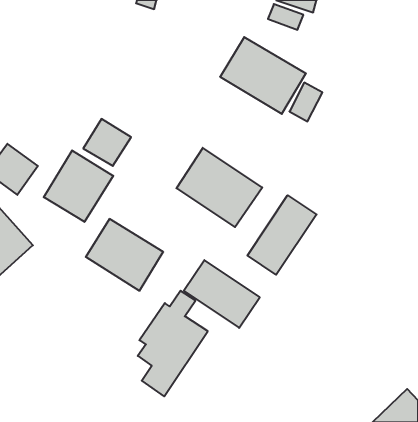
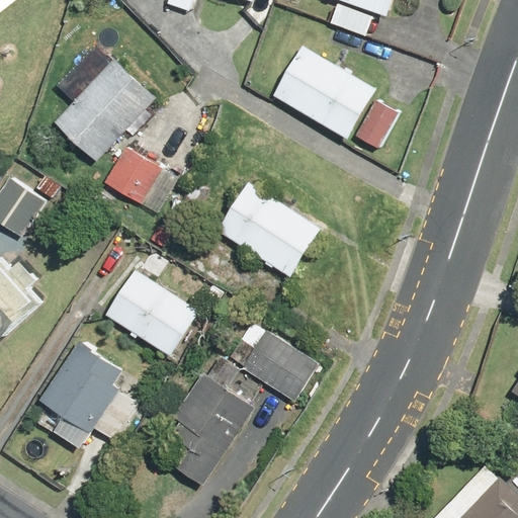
building: none -> [56,40,155,160]
building: [44,150,113,222] -> none
building: [247,195,317,275] -> none
building: none -> [36,339,154,448]

